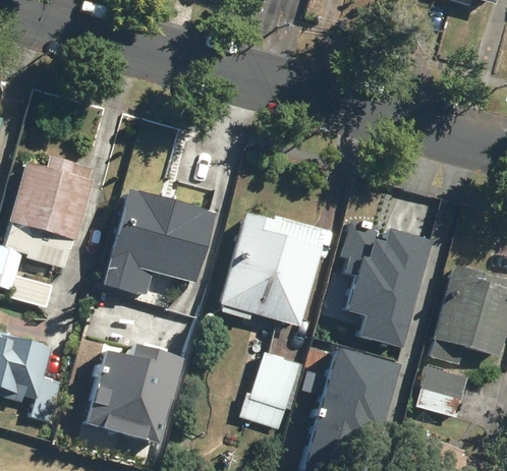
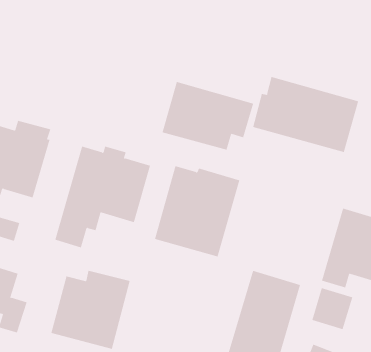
building: none -> [252,76,359,153]
building: none -> [162,81,254,151]
building: [343,217,431,344] -> none
building: [236,354,298,430] -> none

